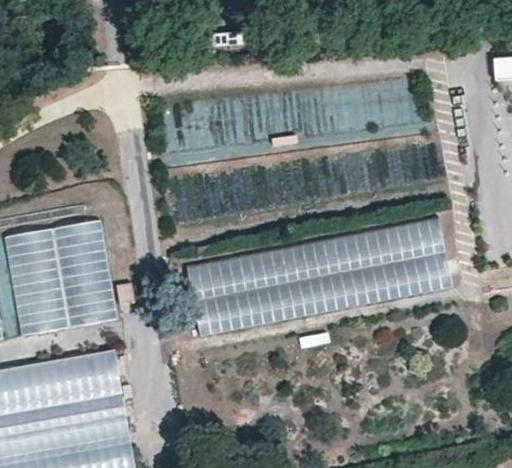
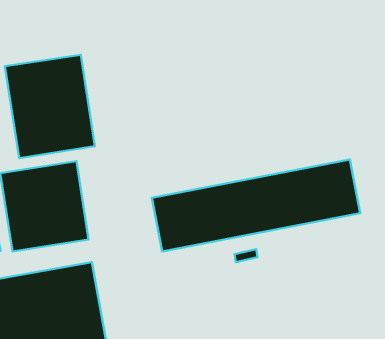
building: none -> [5,55,95,158]

